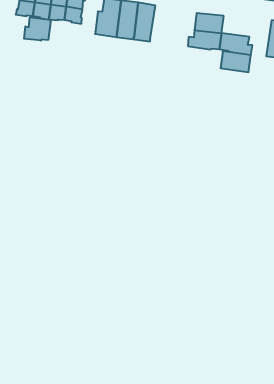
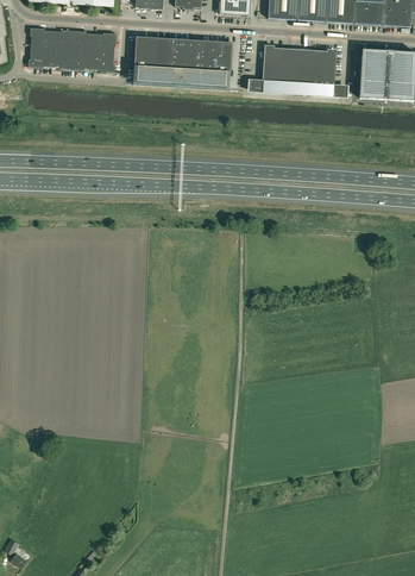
building: none -> [206,40,232,89]
building: [24,17,51,41] -> none
building: [221,51,251,72] -> [298,48,337,73]

